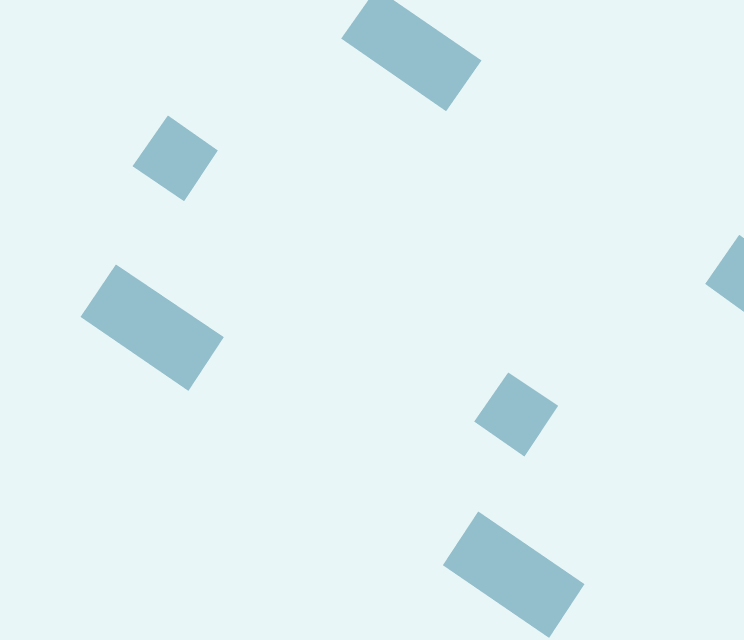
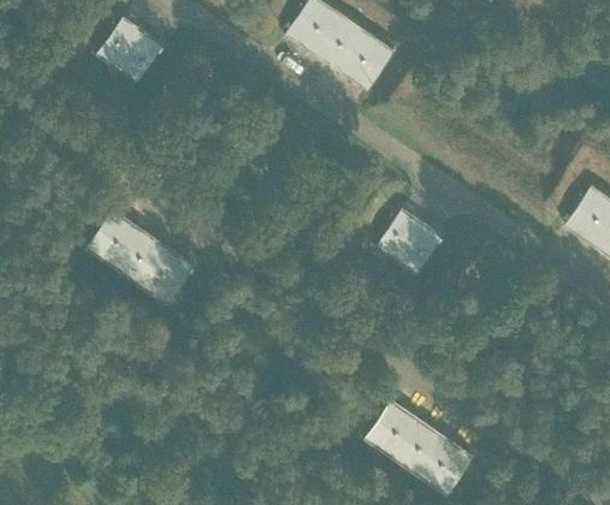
building: [131,115,219,202] -> [96,17,164,84]
building: [473,371,559,457] -> [377,208,443,274]

